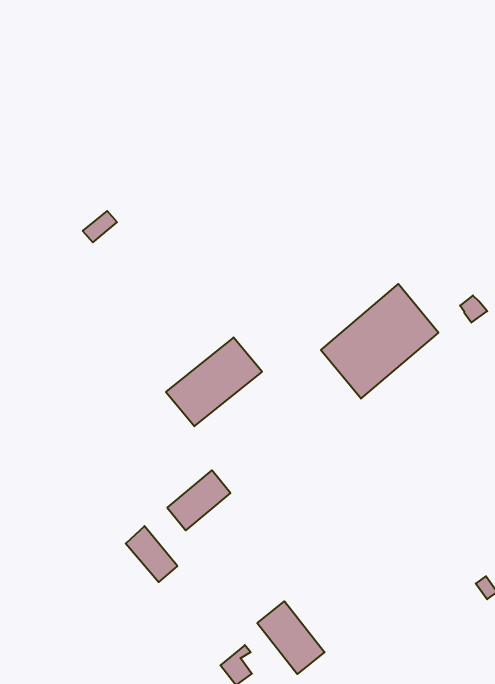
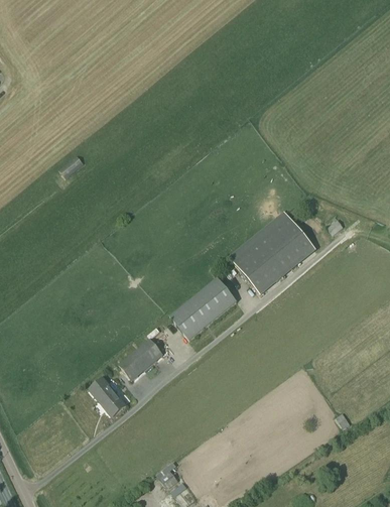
building: [166,337,262,426] -> [170,278,238,341]
building: [257,601,325,674] -> none

